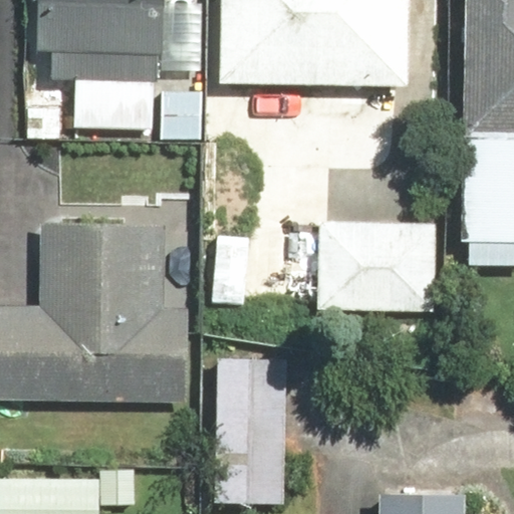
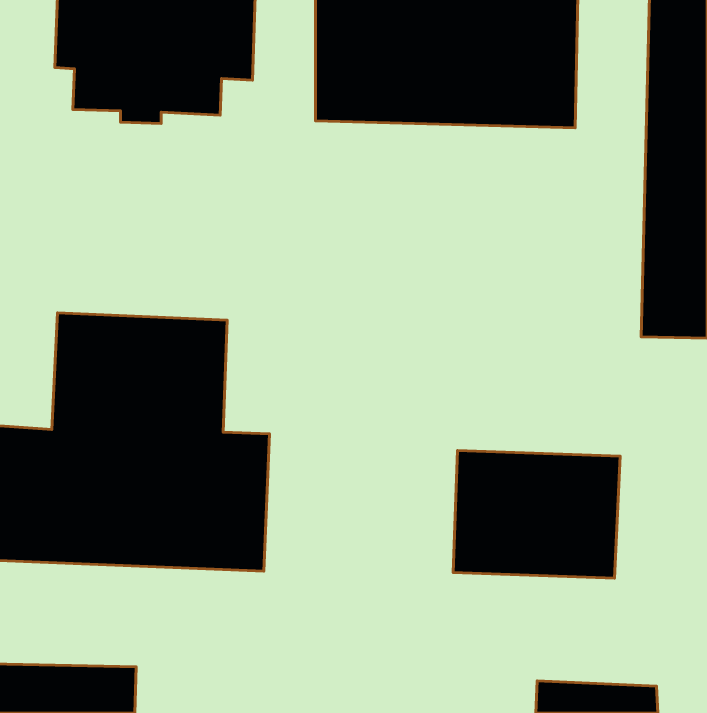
building: [318,220,438,311] -> [453,450,620,578]
building: [214,359,290,506] -> none

